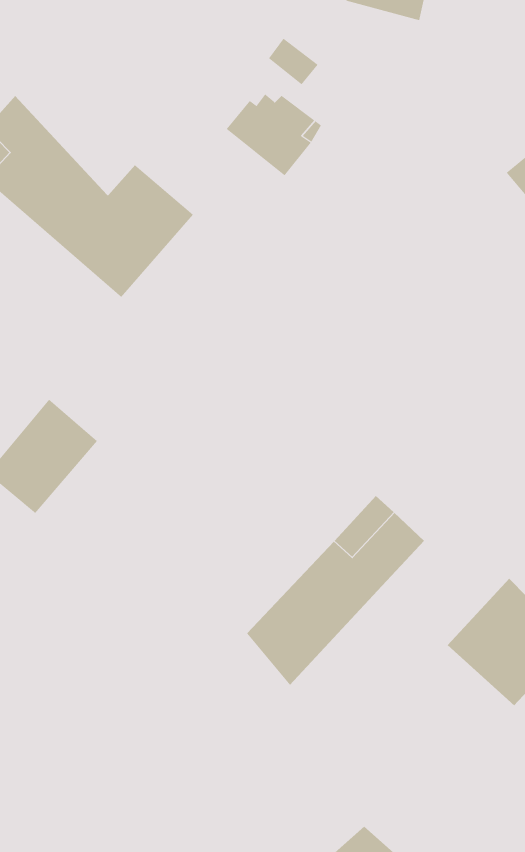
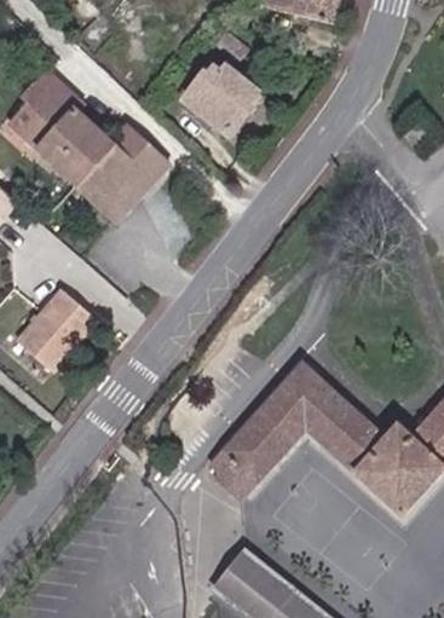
building: none -> [307,393,384,468]
building: none -> [224,555,282,611]

